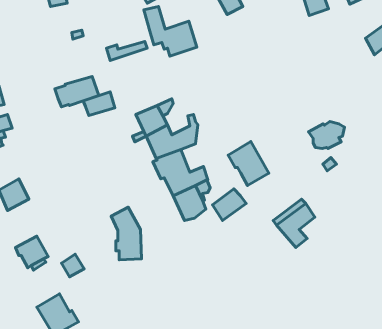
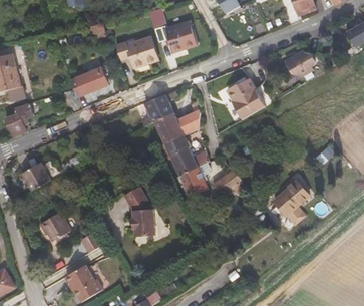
building: [83,92,115,116] -> [129,44,157,65]
building: [309,122,345,149] -> [284,51,316,75]
building: [228,142,269,186] -> [228,78,264,117]

